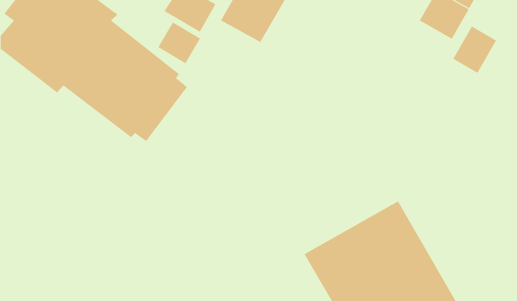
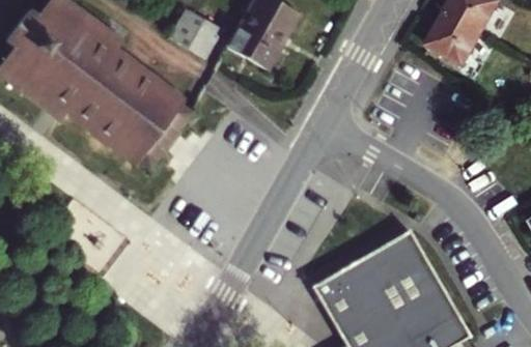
building: [157,22,201,64] -> none
building: [452,26,497,74] -> none

